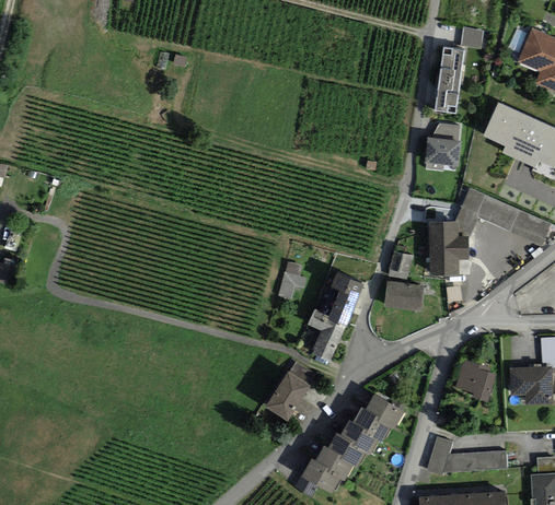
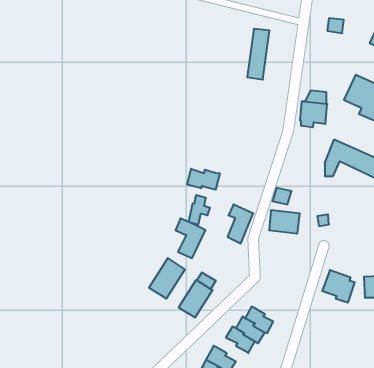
building: [435,47,464,114] -> [247,29,270,80]
building: [429,221,470,274] -> none
building: none -> [187,169,220,190]
building: [308,308,347,361] -> [175,218,205,258]
building: none -> [149,258,185,299]
building: [366,394,404,428] -> none
building: [427,435,507,474] -> none
building: [315,445,352,481] -> none

